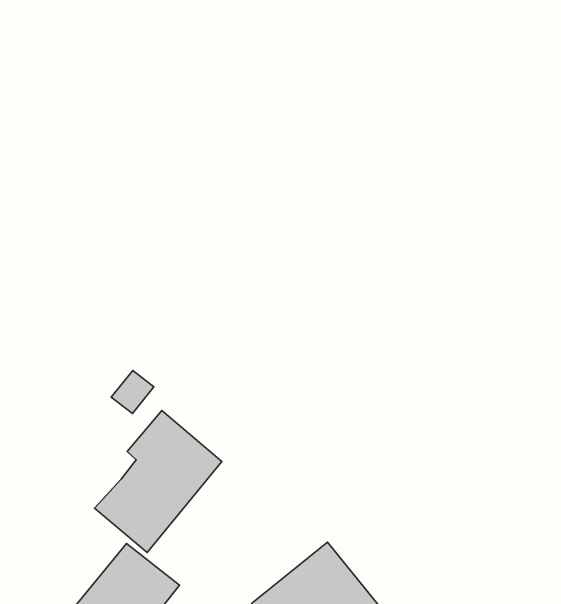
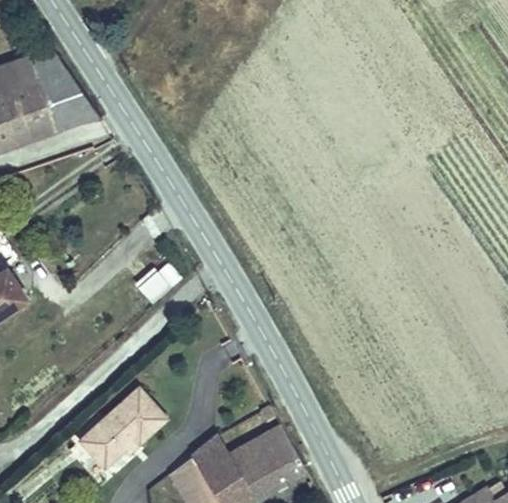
building: [94,411,222,553] -> none

